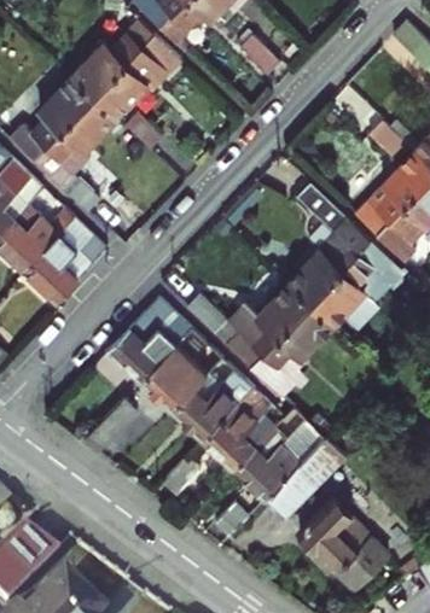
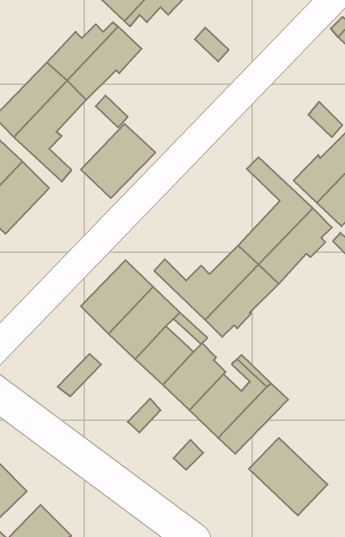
building: [25,216,110,300] -> [81,124,155,198]

